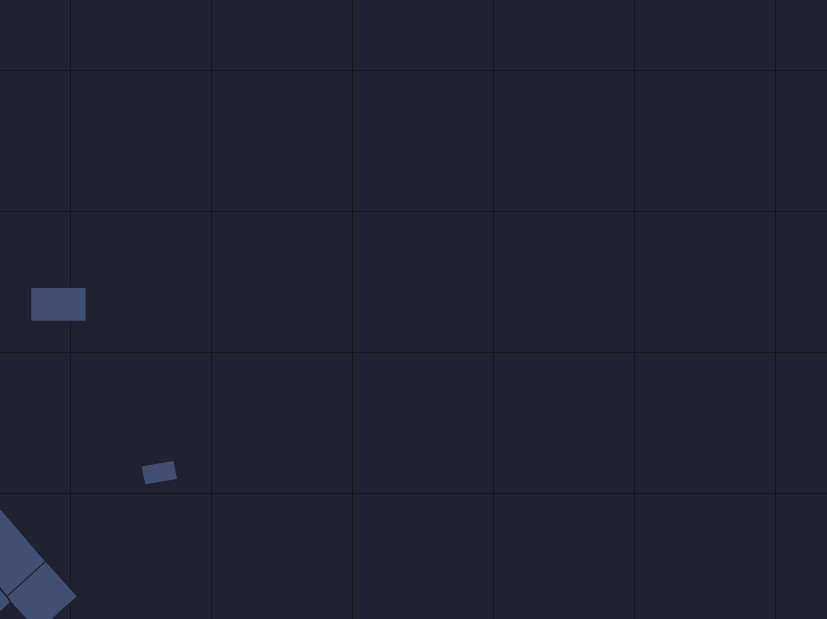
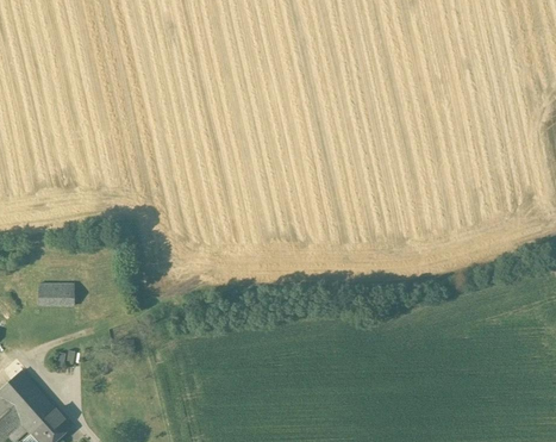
building: [31,288,87,321] -> [38,284,74,305]

